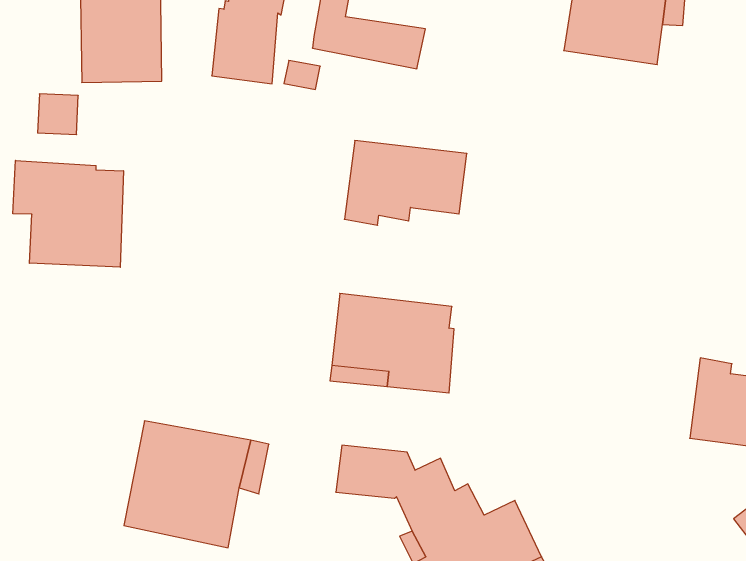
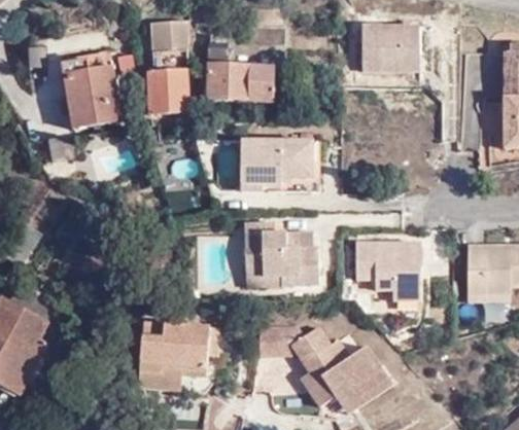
building: none -> [280,139,318,189]
building: [13,160,123,267] -> none
building: none -> [355,242,420,299]

